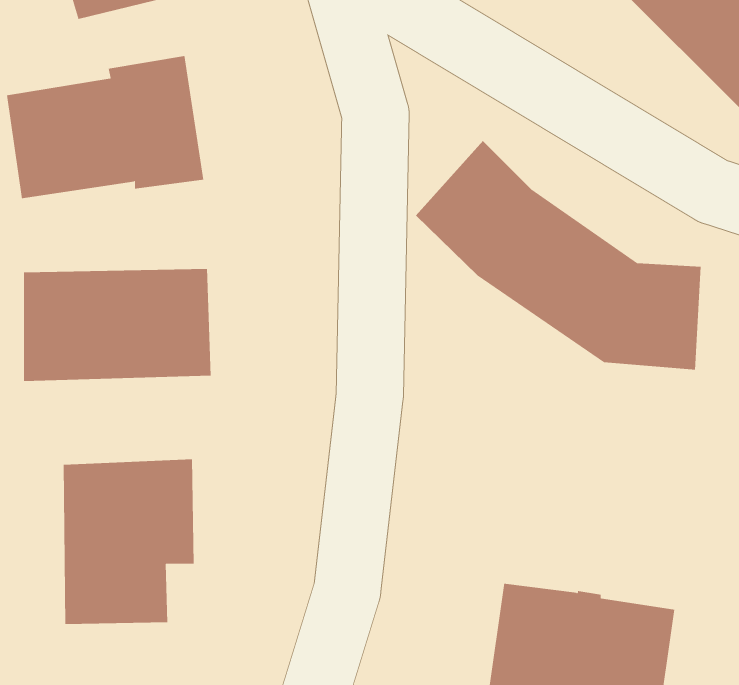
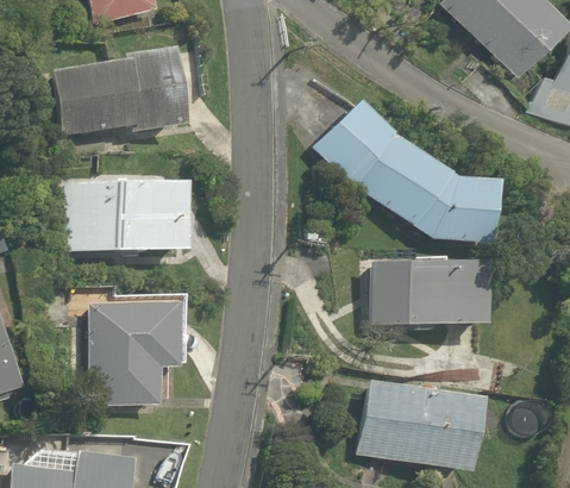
building: none -> [372,256,488,325]

